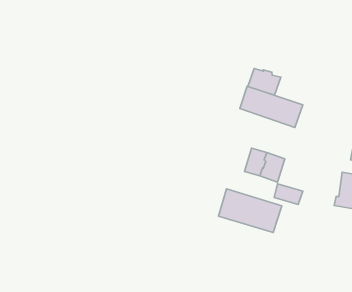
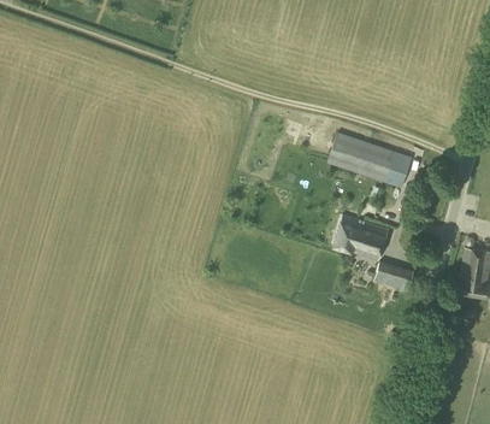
building: [248,68,281,95] -> none
building: [219,189,282,232] -> none

